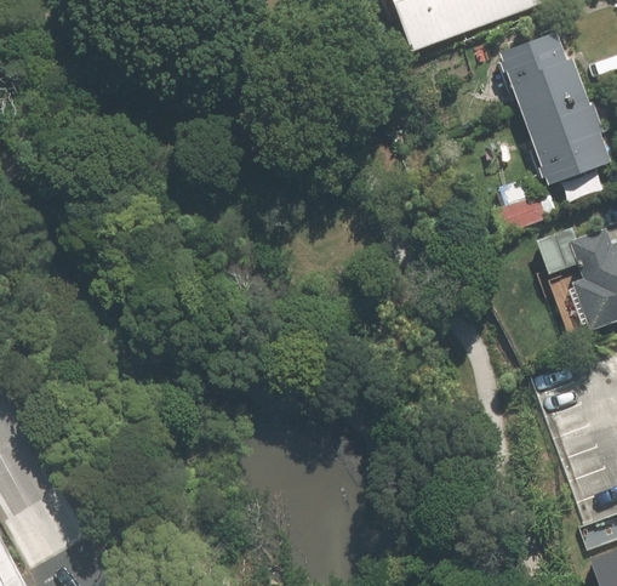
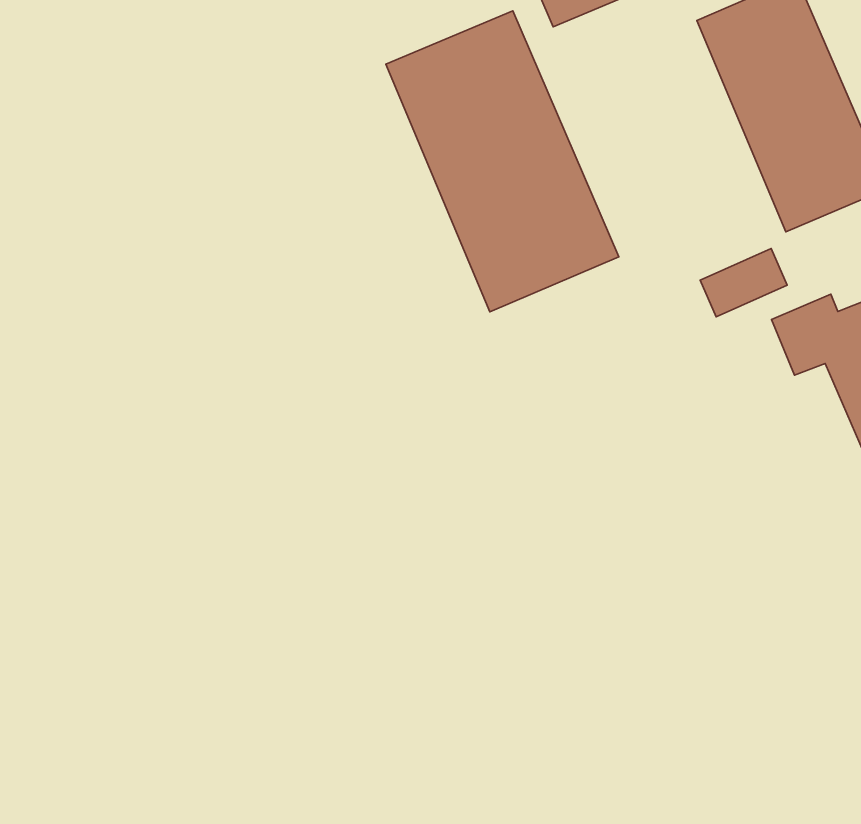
building: none -> [386,11,619,312]

